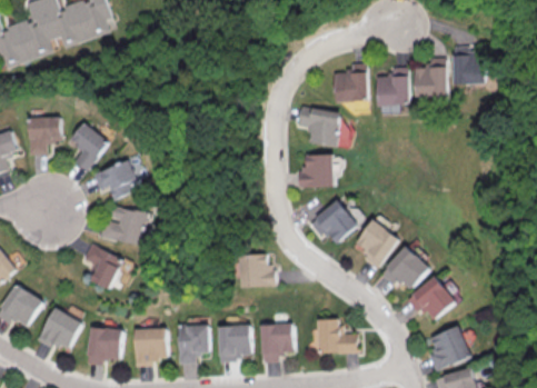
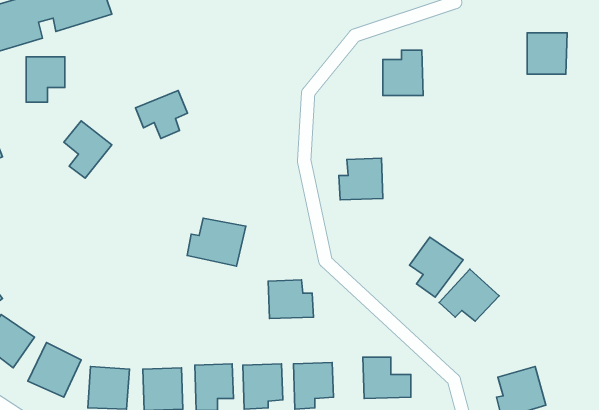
building: [414,58,448,99] -> none
building: [376,67,409,106] -> none
building: [296,106,340,147] -> none
building: [27,117,59,155] -> [26,57,65,102]
building: [92,160,136,200] -> [135,91,188,139]
building: [309,199,358,243] -> none
building: [100,206,149,246] -> [187,218,246,266]
building: [83,243,125,289] -> none
building: [406,277,455,319] -> none

